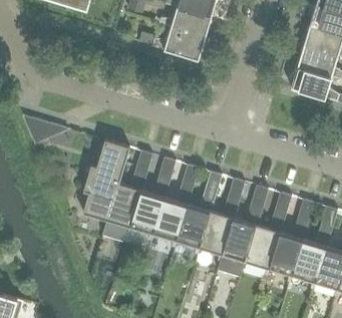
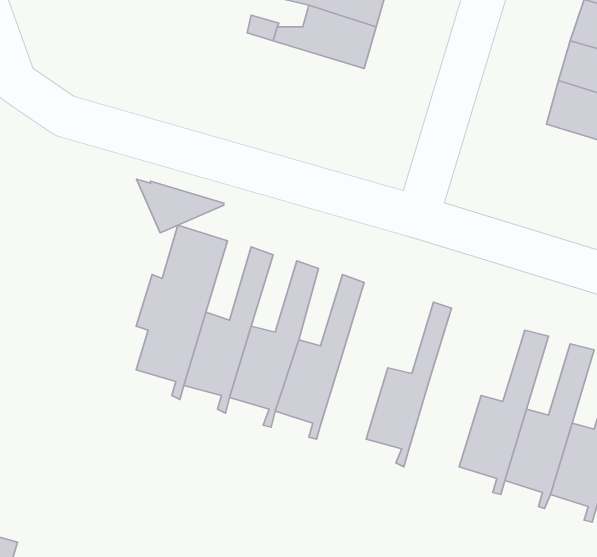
building: [23,116,67,143] -> [137,179,224,233]
building: [177,172,222,255] -> none
building: [221,186,269,270] -> none

